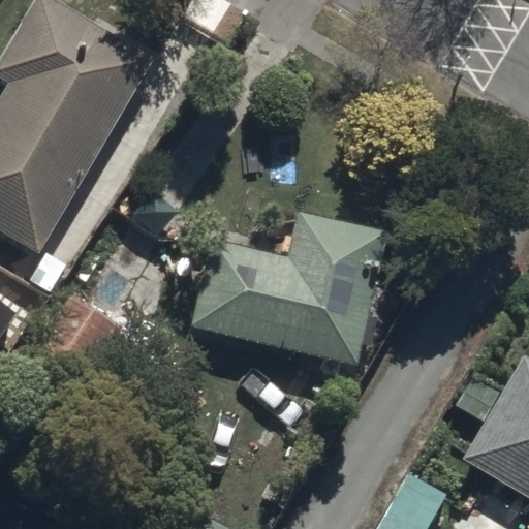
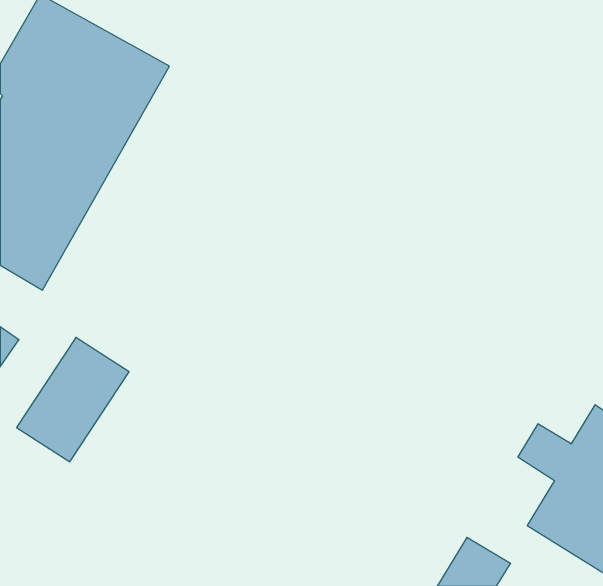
building: [192,213,387,364] -> none

